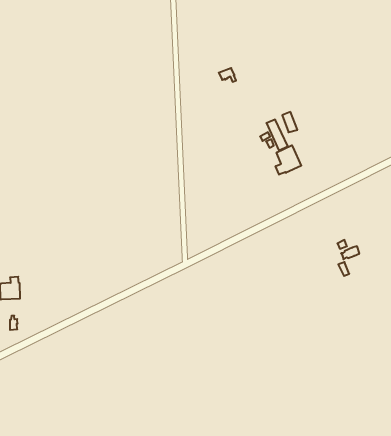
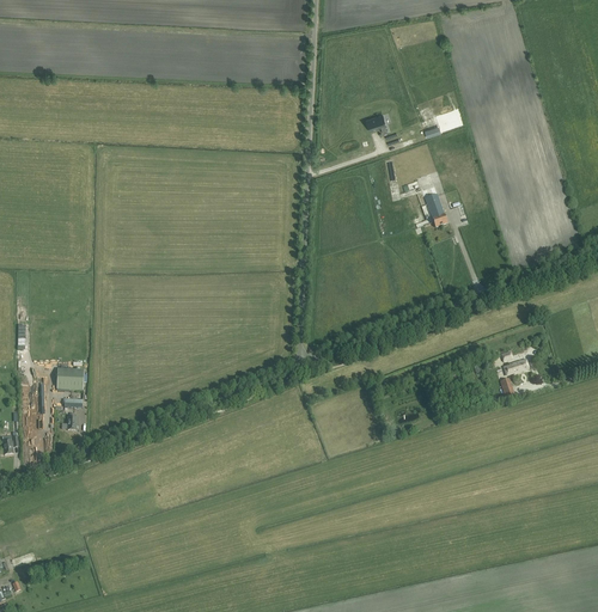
building: [276,145,301,175] -> none

